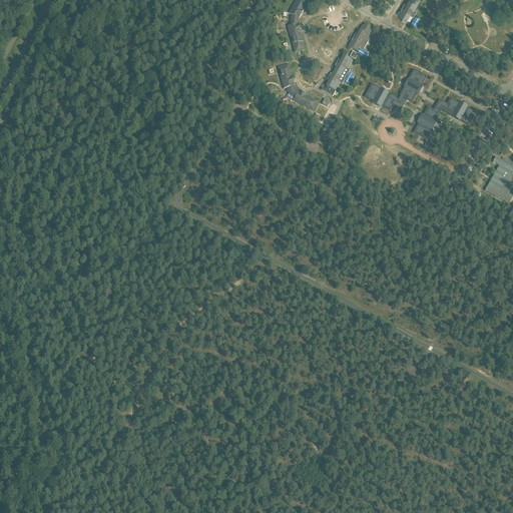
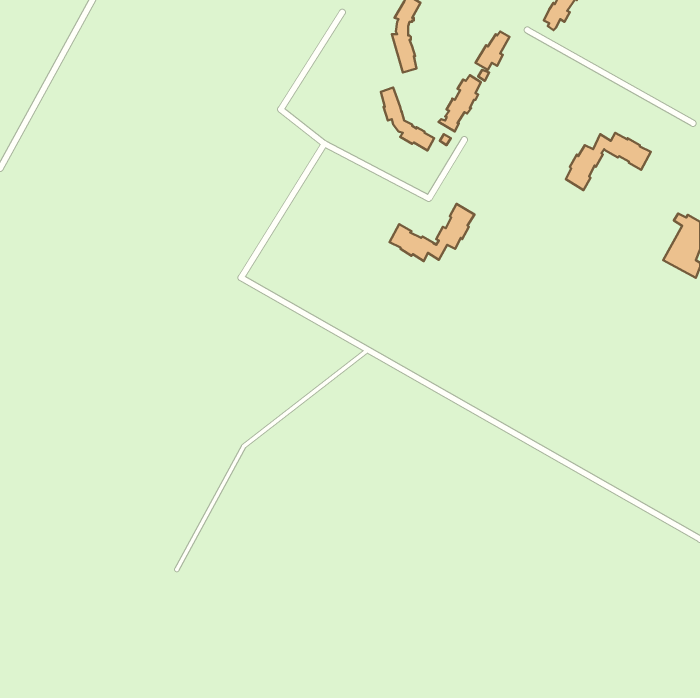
building: [365,68,427,110] -> [390,204,474,261]

